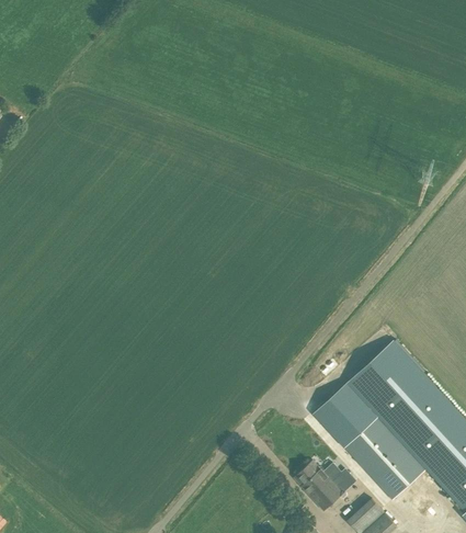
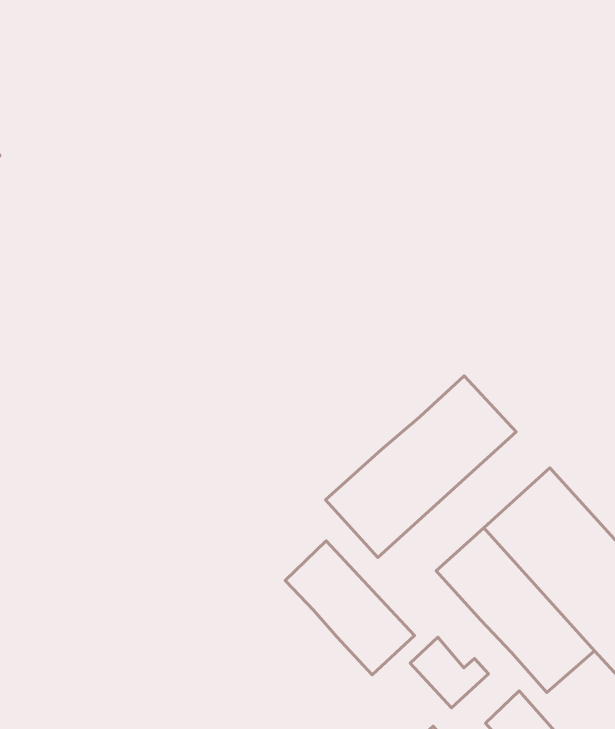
building: none -> [326,376,516,557]
building: none -> [285,541,415,675]

